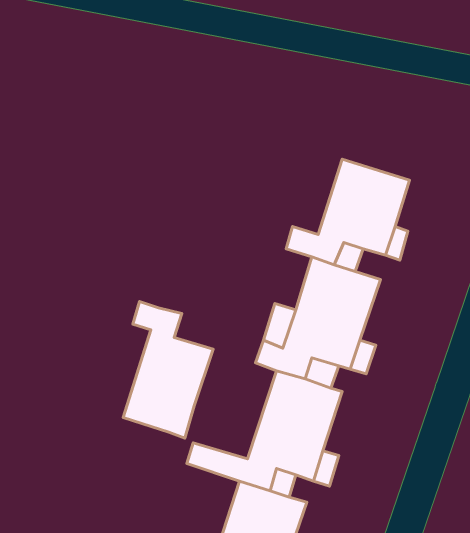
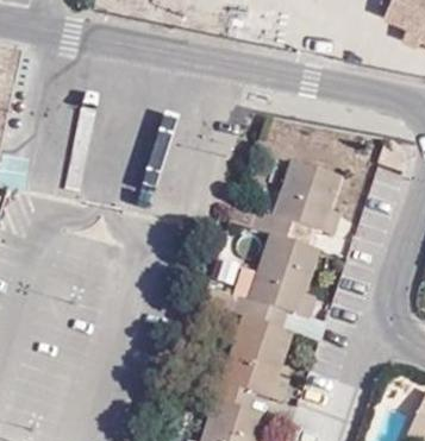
building: [123,302,213,438] -> none

